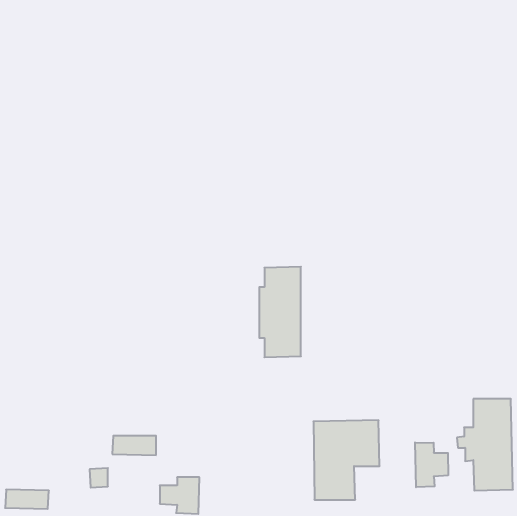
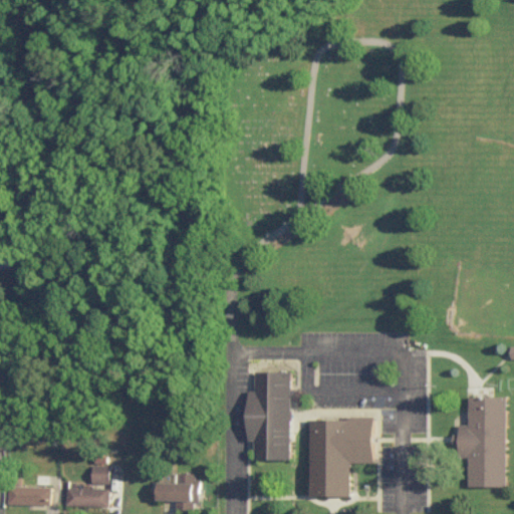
building: [259,267,301,357] -> [248,371,289,461]
building: [112,436,156,455] -> [63,489,106,508]
building: [415,442,448,487] -> none

